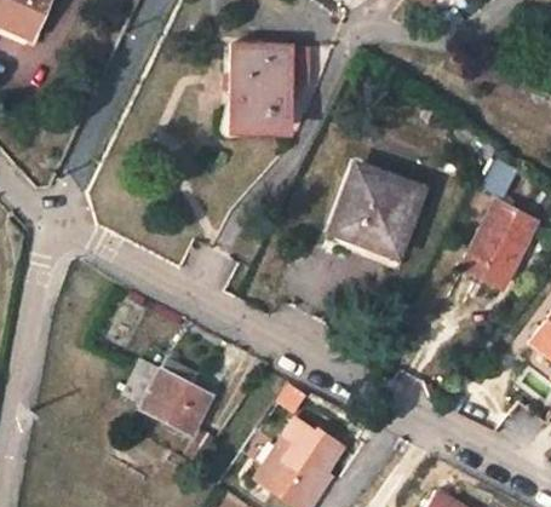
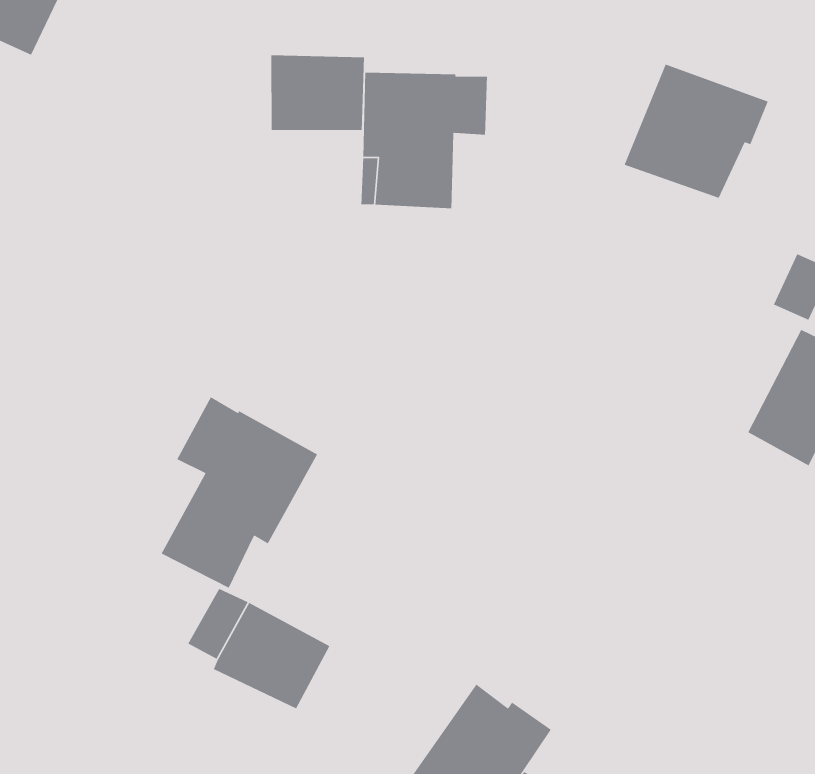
building: none -> [271,55,365,131]
building: [332,167,420,249] -> [623,63,769,199]
building: none -> [160,396,318,589]

